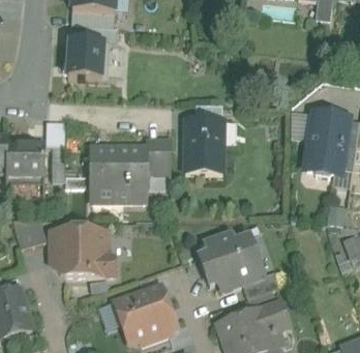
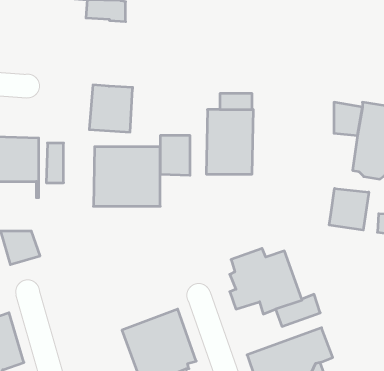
building: [67,40,103,80] -> [89,85,133,132]
building: none -> [329,188,369,230]
building: [52,232,115,276] -> none

